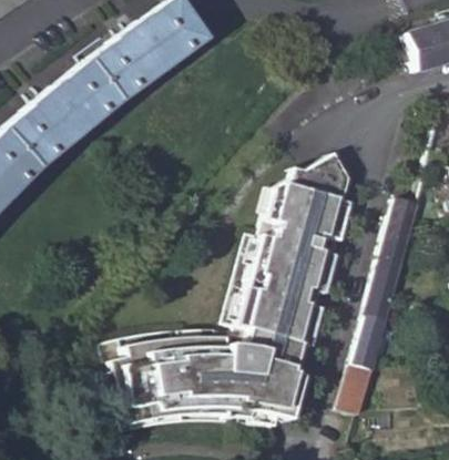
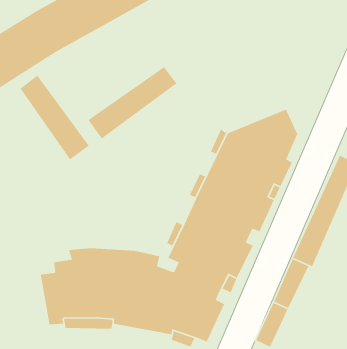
building: none -> [87,66,178,140]
building: none -> [19,75,90,161]

